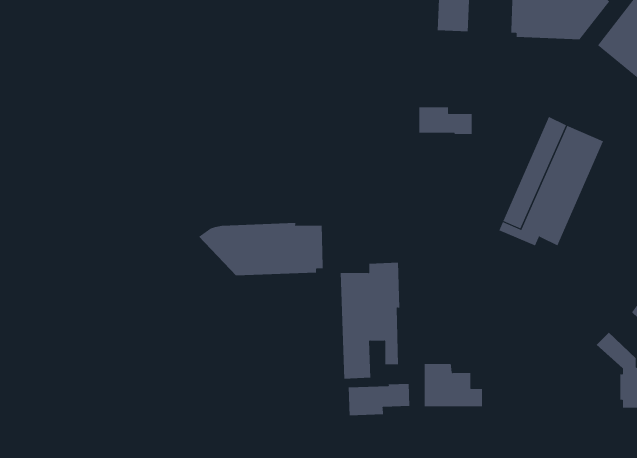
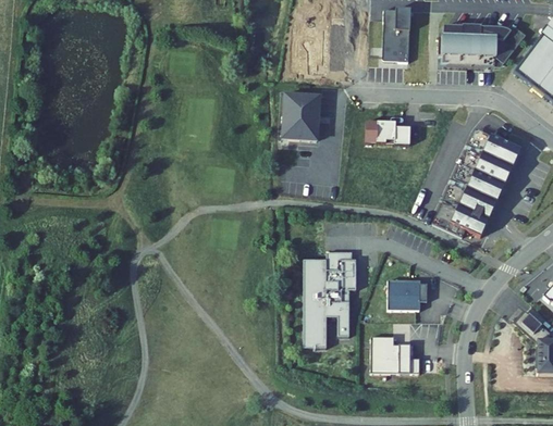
building: none -> [283,90,320,137]
building: [198,222,323,276] -> none
building: none -> [388,279,427,309]
building: [348,383,410,416] -> none

